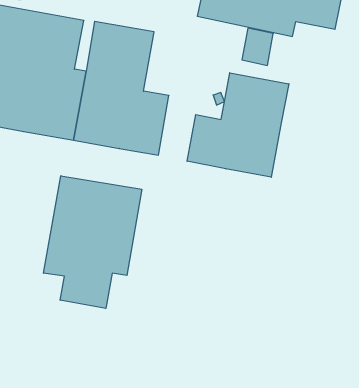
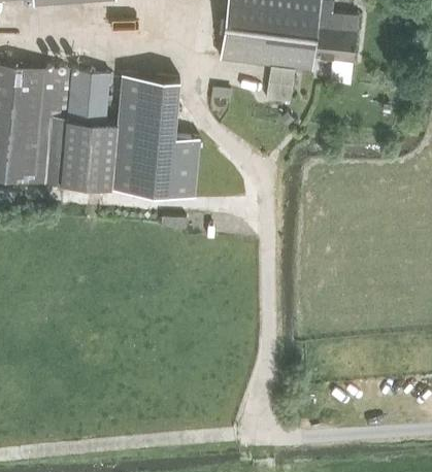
building: [187,73,289,177] -> none
building: [44,176,142,308] -> none

